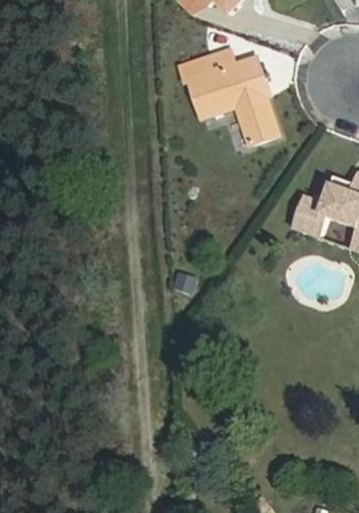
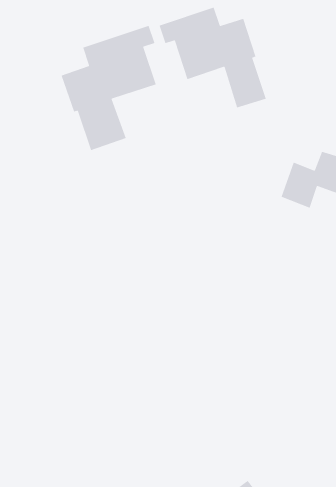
building: none -> [61,25,157,151]

